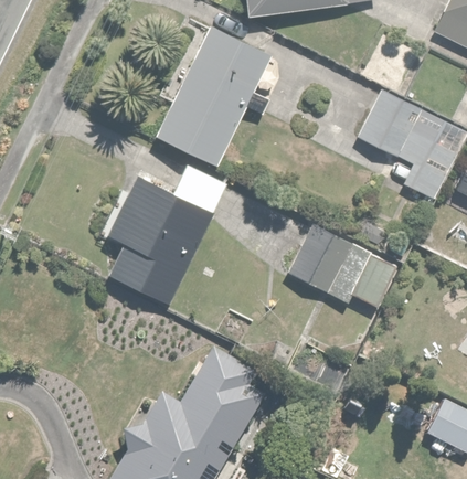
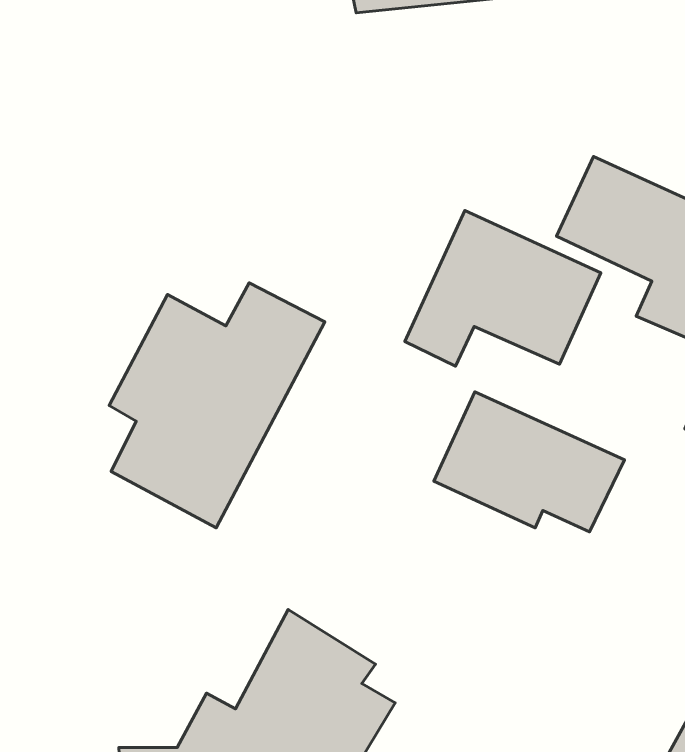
building: [151,24,269,162] -> none
building: none -> [405,210,601,366]

